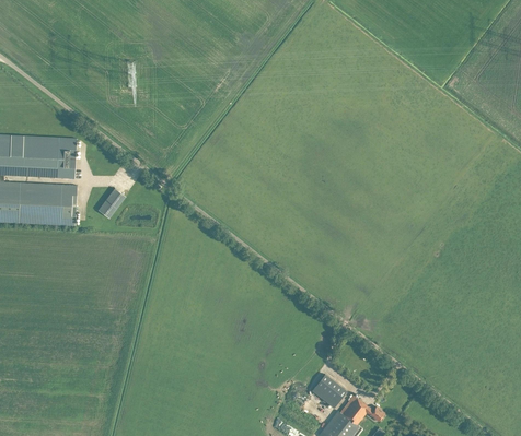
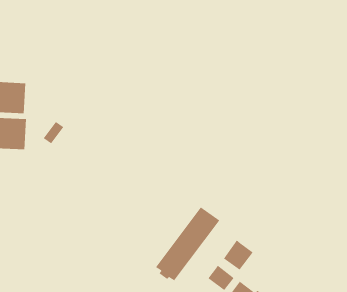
building: none -> [155,206,220,281]
building: none -> [223,240,253,270]

